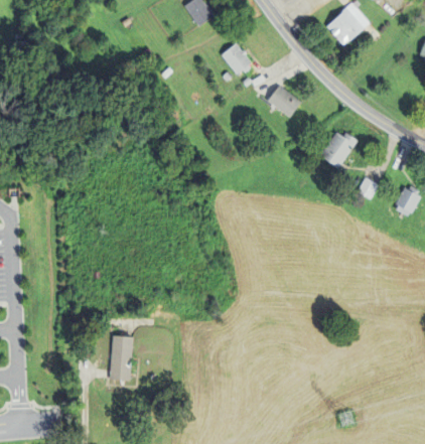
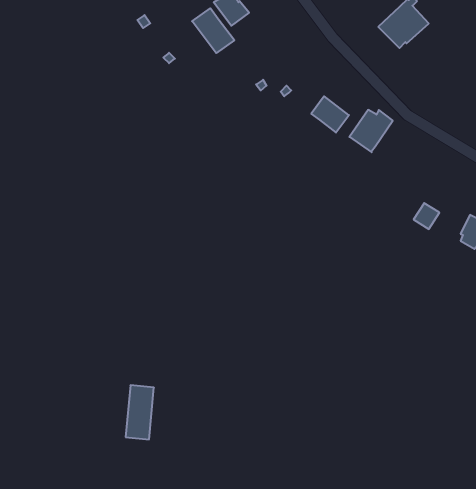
building: none -> [192,8,234,53]
building: [221,42,252,75] -> none
building: [320,132,358,168] -> [349,110,393,152]

